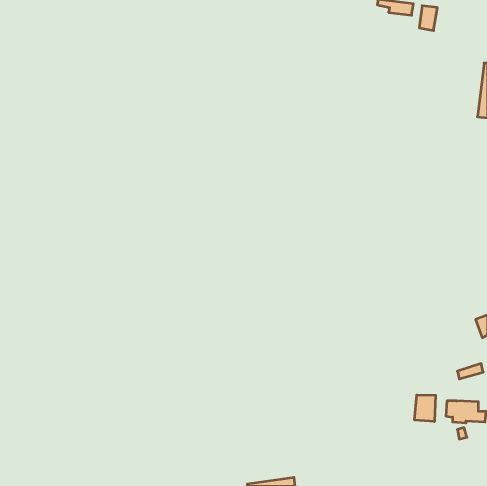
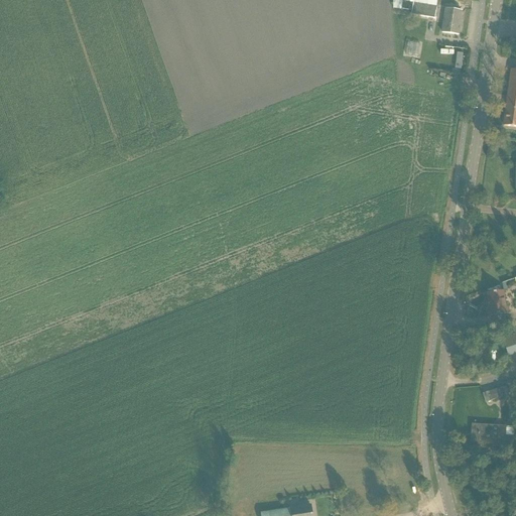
building: none -> [487,288,508,313]
building: [415,395,436,422] -> none

